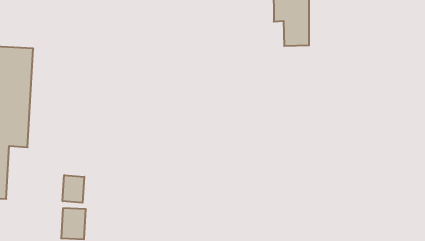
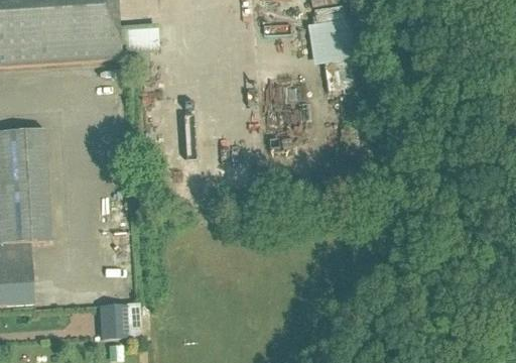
building: [63,175,84,203] -> none

